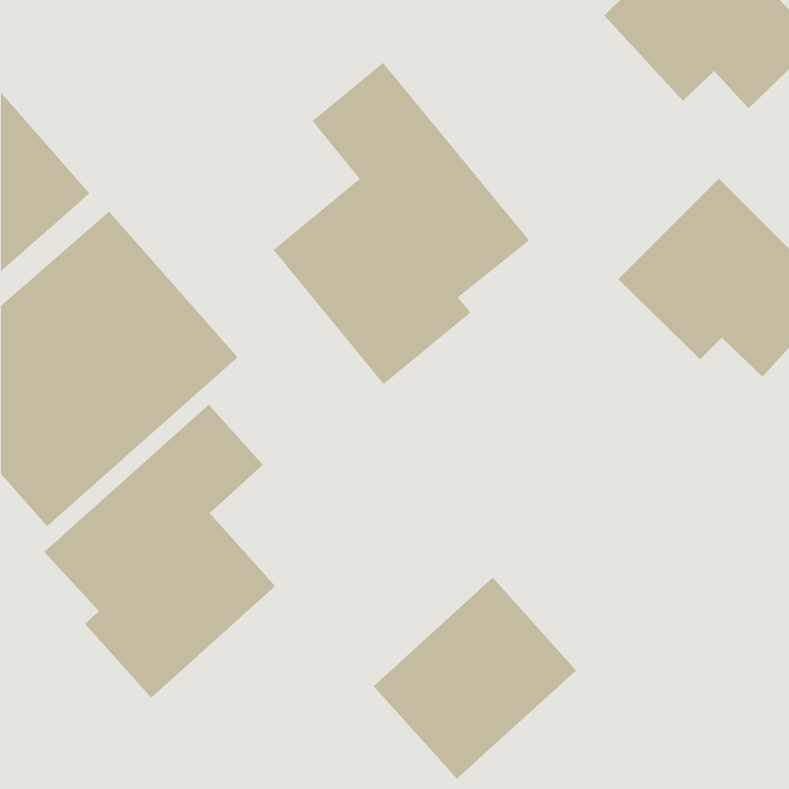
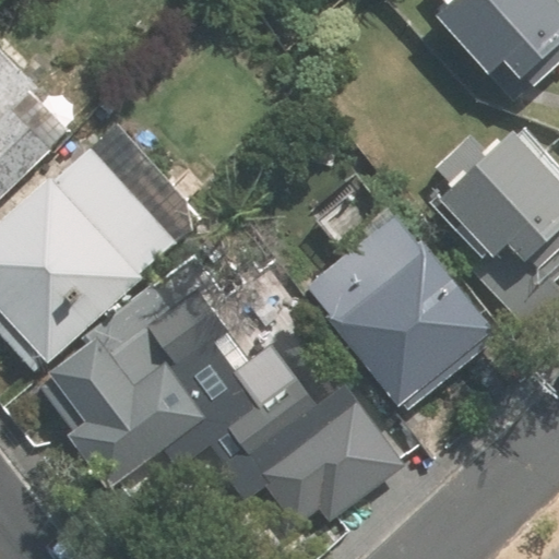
building: [273,62,530,385] -> none
building: none -> [302,212,495,409]
building: none -> [198,340,323,467]

